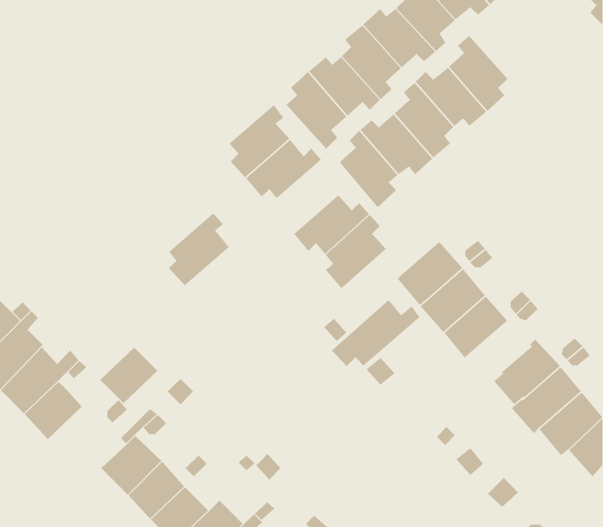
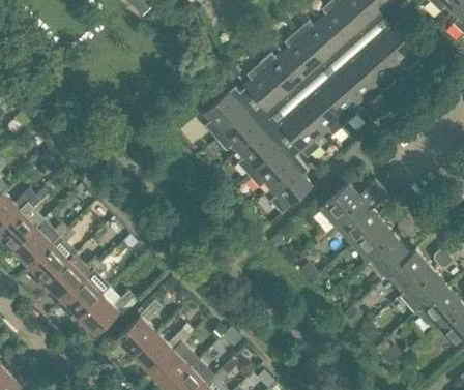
building: none -> [371,27,422,70]
building: [168,213,230,286] -> [238,126,281,177]
building: [331,299,420,367] -> none
building: none -> [368,237,413,281]
building: [99,347,158,404] -> [81,296,121,335]

